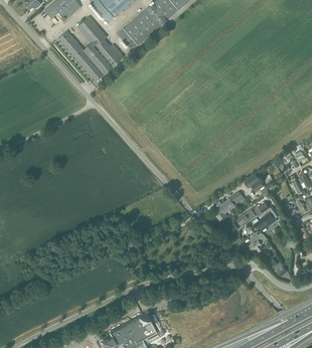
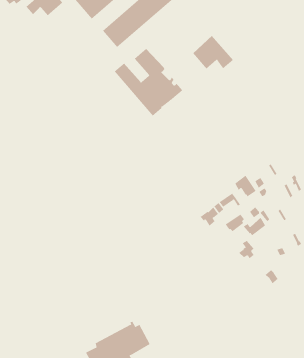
building: [57,16,124,81] -> [114,48,183,117]
building: none -> [192,35,234,69]

